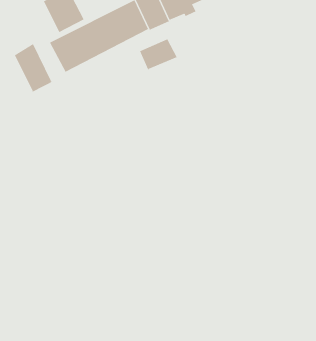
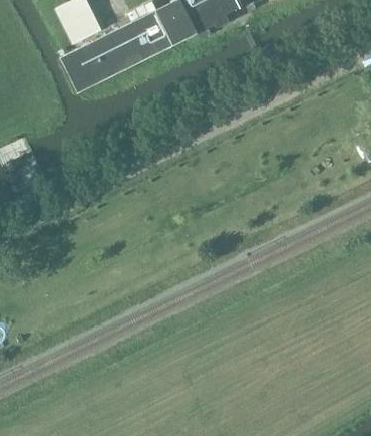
building: [139,39,177,73] -> none
building: [14,43,55,92] -> none

